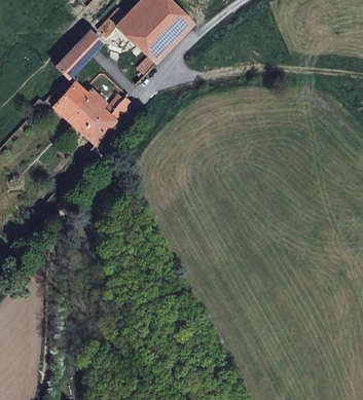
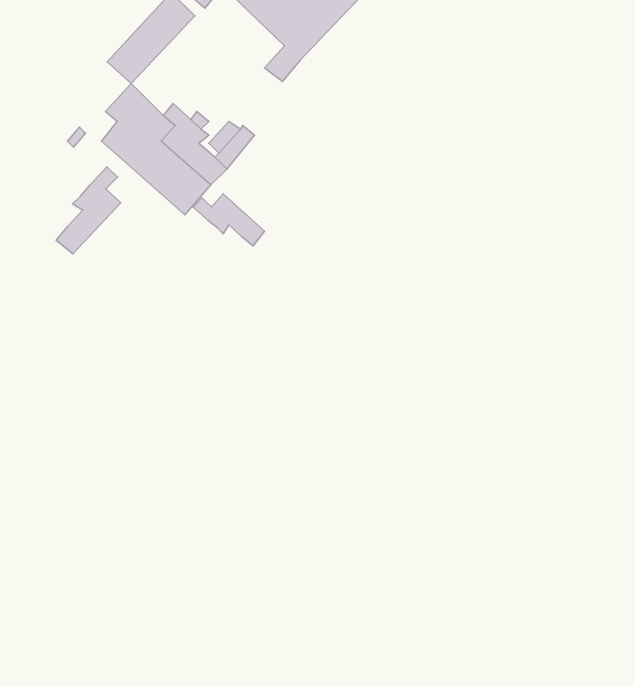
building: none -> [56,167,121,254]
building: none -> [193,194,265,246]

